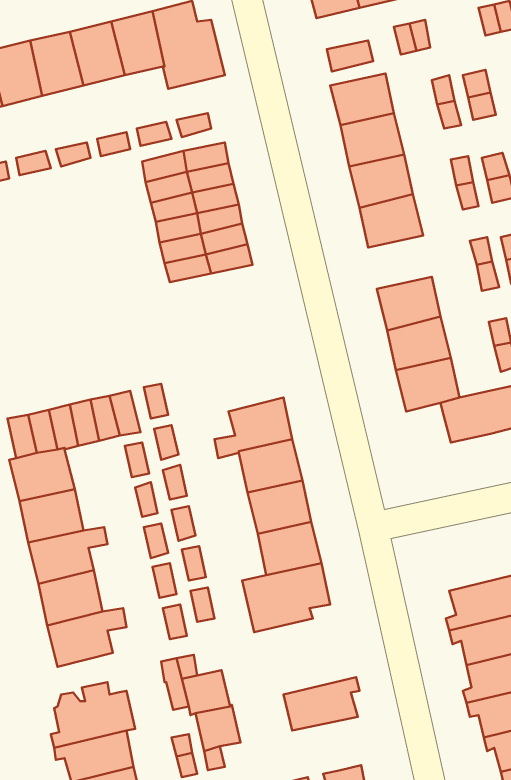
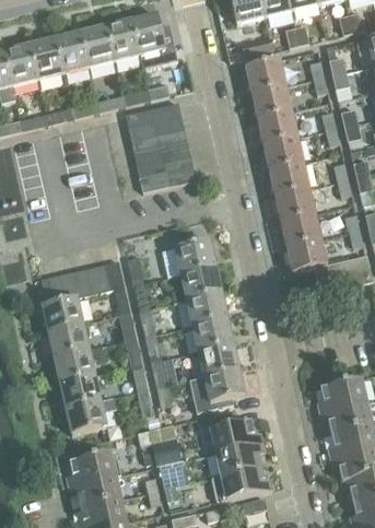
building: none -> [268,161,308,195]
building: none -> [174,238,214,272]
building: none -> [209,419,260,451]
building: none -> [211,466,271,501]

